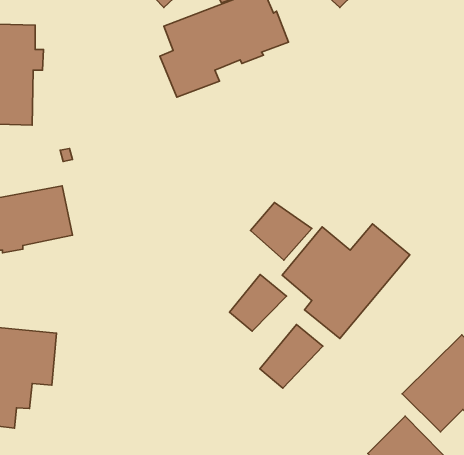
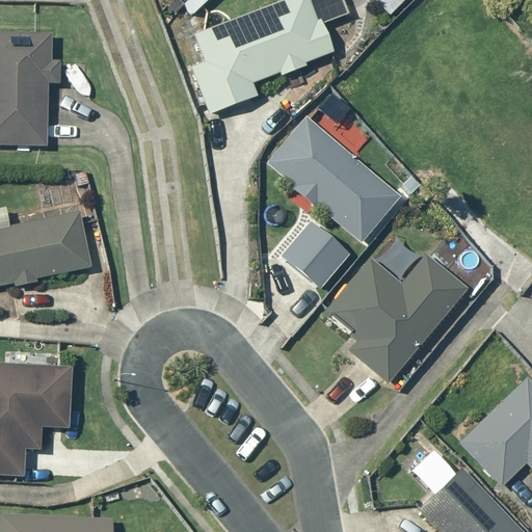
building: none -> [269,121,407,248]
building: [229,275,286,331] -> none
building: [260,324,323,388] -> none

